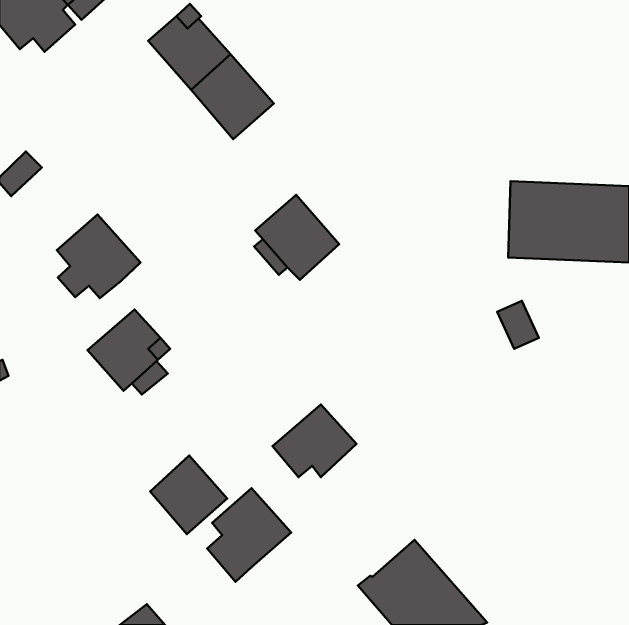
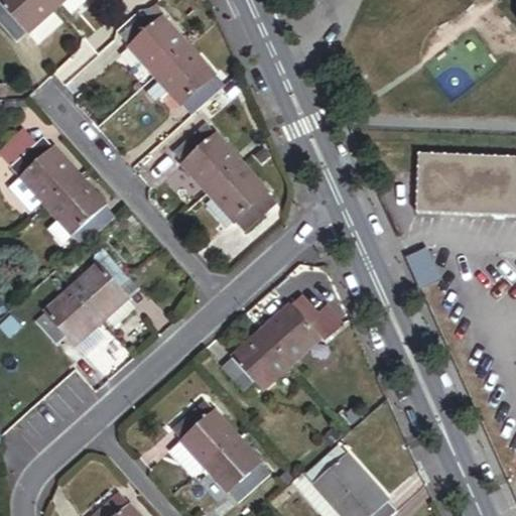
building: none -> [174,120,242,188]
building: none -> [9,134,80,210]
building: none -> [34,286,106,351]
building: none -> [262,294,344,363]
building: [150,455,227,534] -> none
building: none -> [206,435,270,500]

